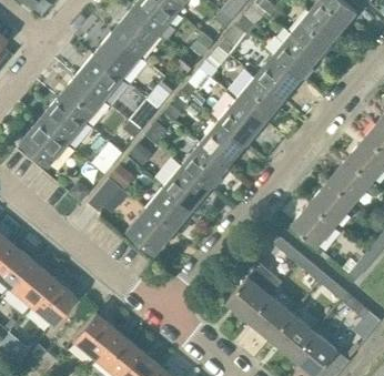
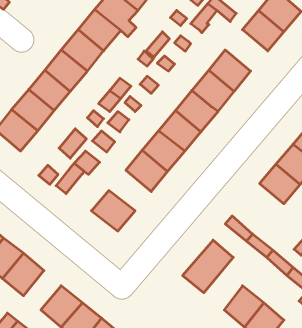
building: [274,33,321,79] -> none
building: [146,187,193,232] -> none
building: [293,202,338,247] -> none
building: [251,296,293,341] -> none

